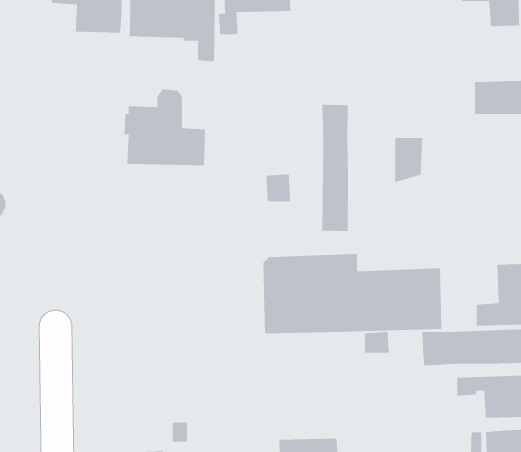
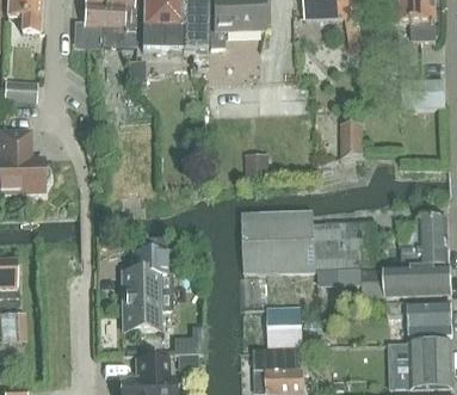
building: [124,89,206,166] -> none
building: [322,104,349,232] -> none
building: none -> [122,251,172,328]
building: none -> [267,305,302,345]

